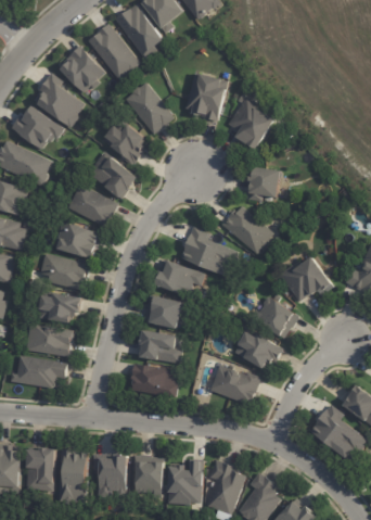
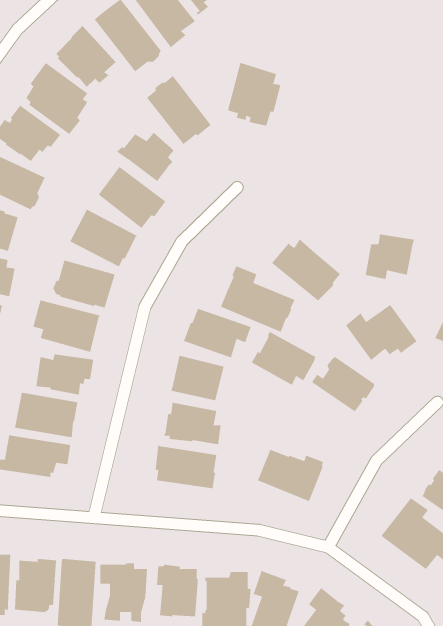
building: [229,92,279,150] -> none
building: [246,166,284,201] -> [365,234,415,279]
building: [235,328,285,369] -> [251,331,316,385]

